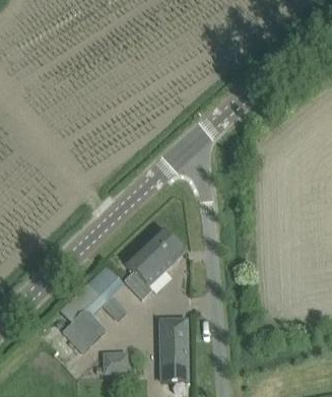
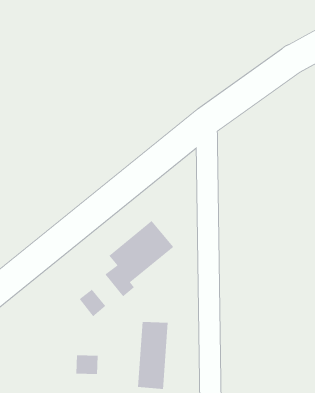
building: [60,268,110,350] -> none

